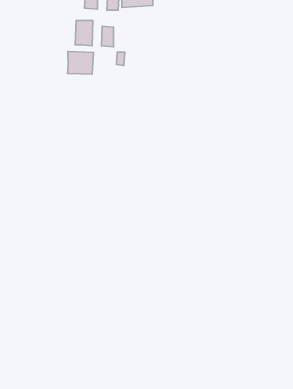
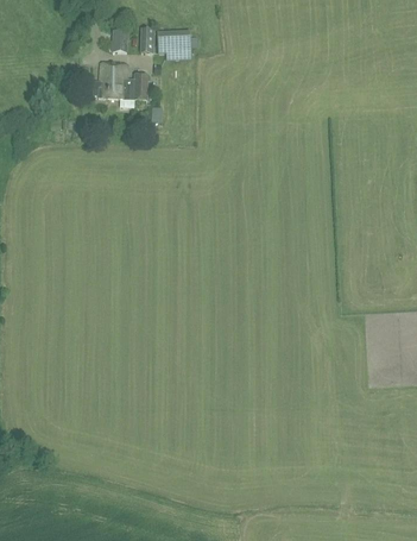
building: [67,52,94,74] -> none

